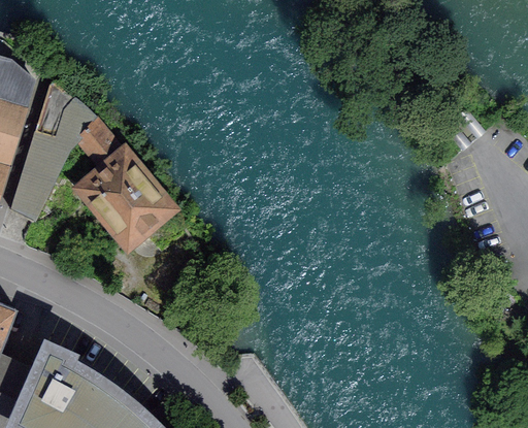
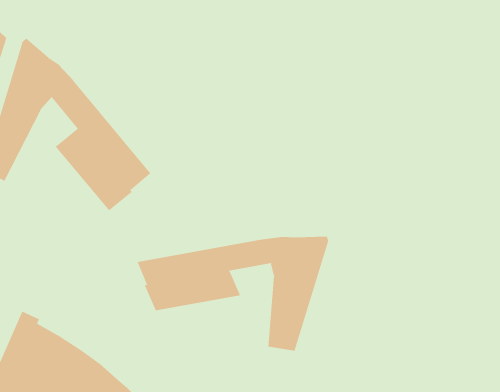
building: none -> [137,236,329,351]

